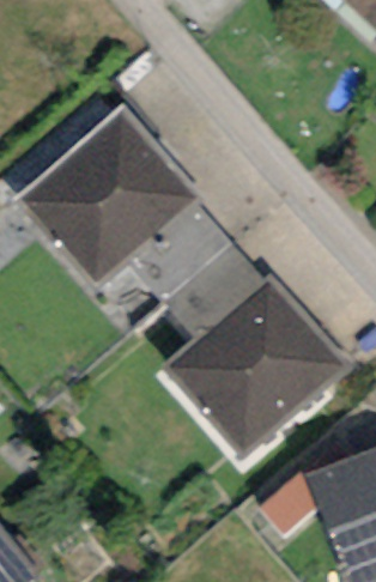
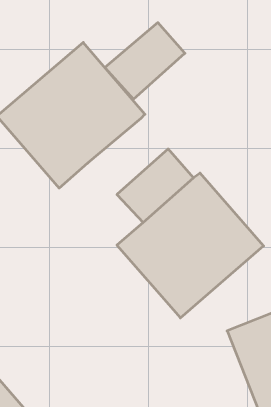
building: [128,201,231,299] -> [105,23,185,99]

